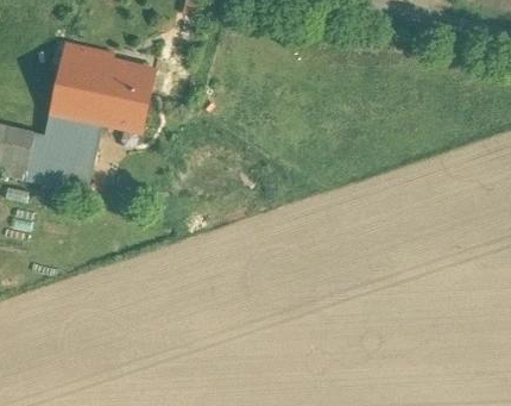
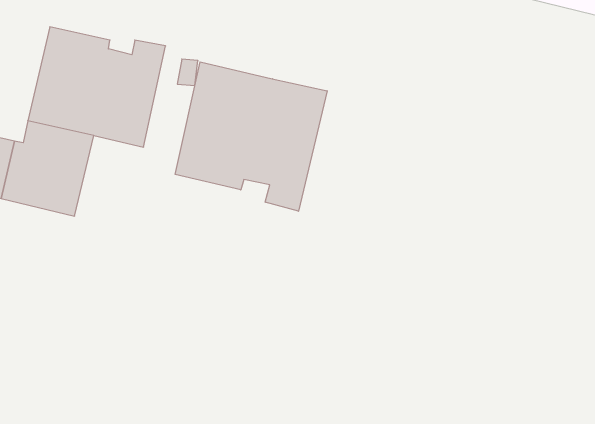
building: none -> [175,62,327,211]

